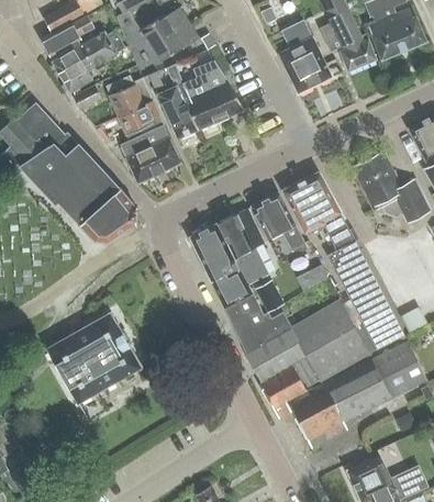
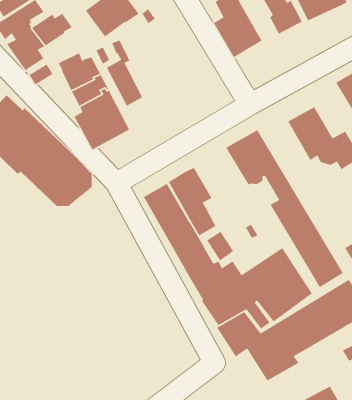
building: [181,60,245,130] -> none
building: [252,192,305,250] -> none
building: [48,313,142,403] -> none

